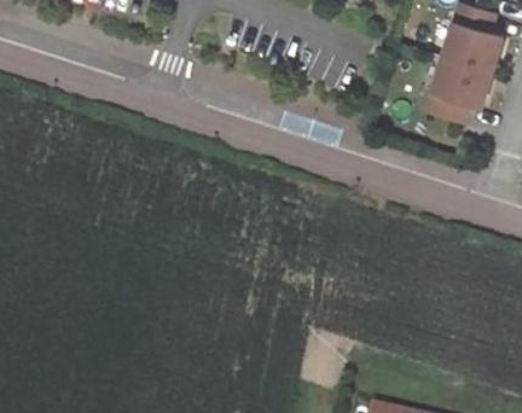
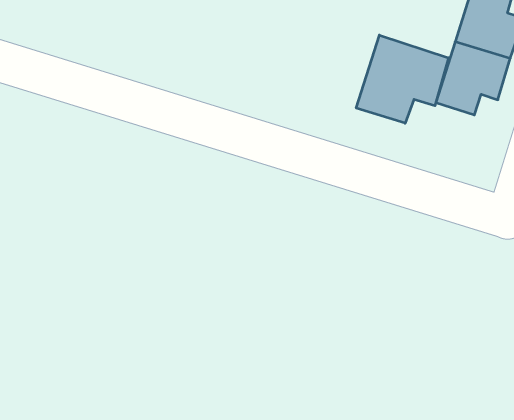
building: none -> [356,35,449,123]

